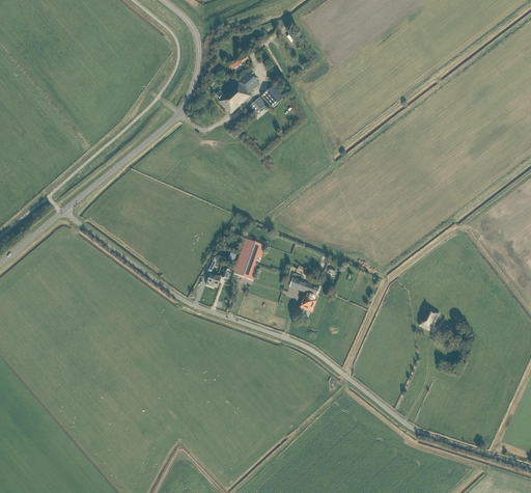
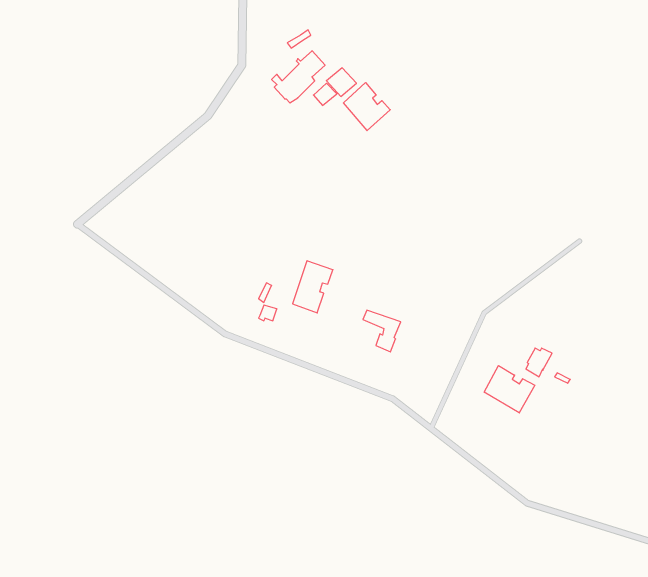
building: none -> [343,83,390,131]
building: none -> [484,366,535,413]

